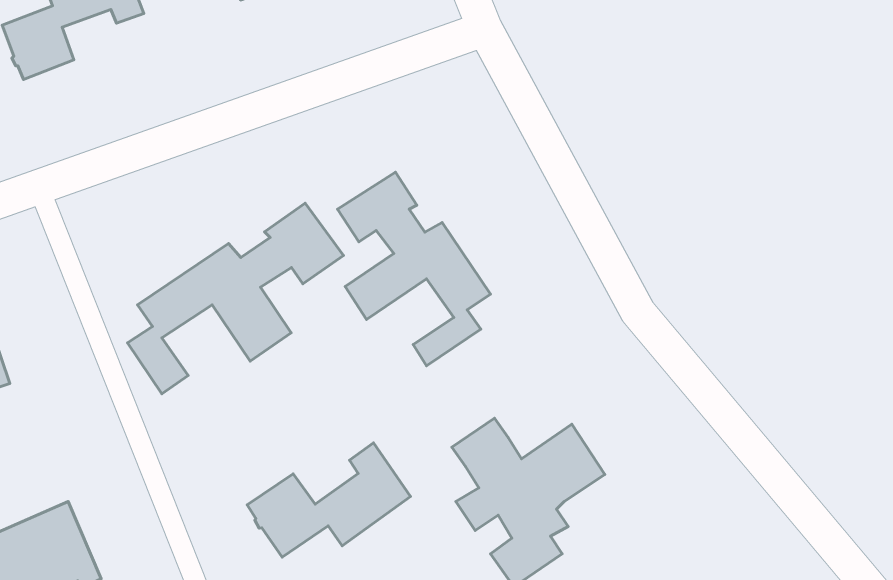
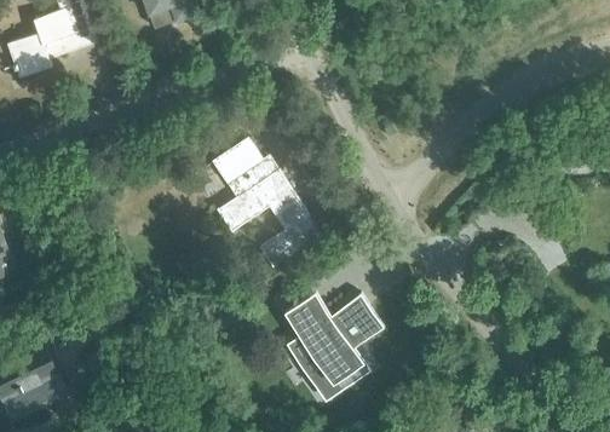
building: [127,203,344,394] -> none
building: [247,443,410,557] -> none

